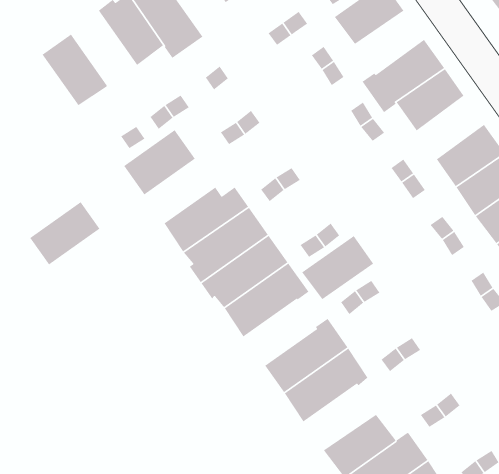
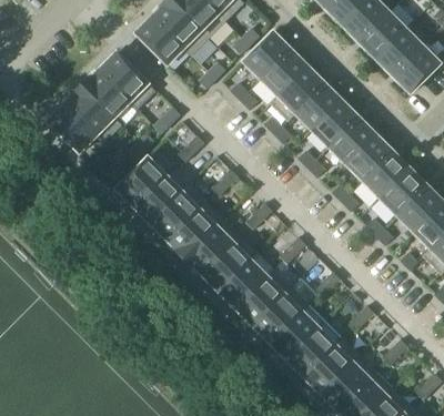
building: none -> [64,84,121,143]
building: none -> [260,49,306,95]
building: none -> [312,100,357,146]
building: [29,201,101,266] -> [133,174,181,222]
building: [301,234,374,300] -> [218,258,266,307]
building: none -> [269,310,317,358]

